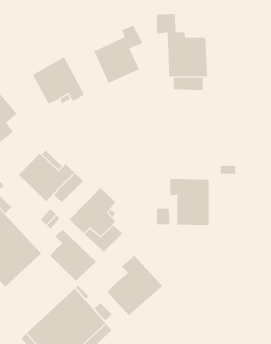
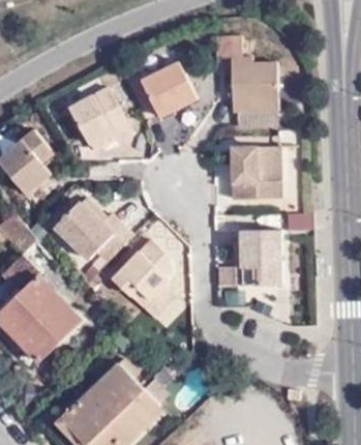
building: none -> [232,147,279,199]
building: [50,229,97,282] -> none
building: [107,255,163,316] -> none

